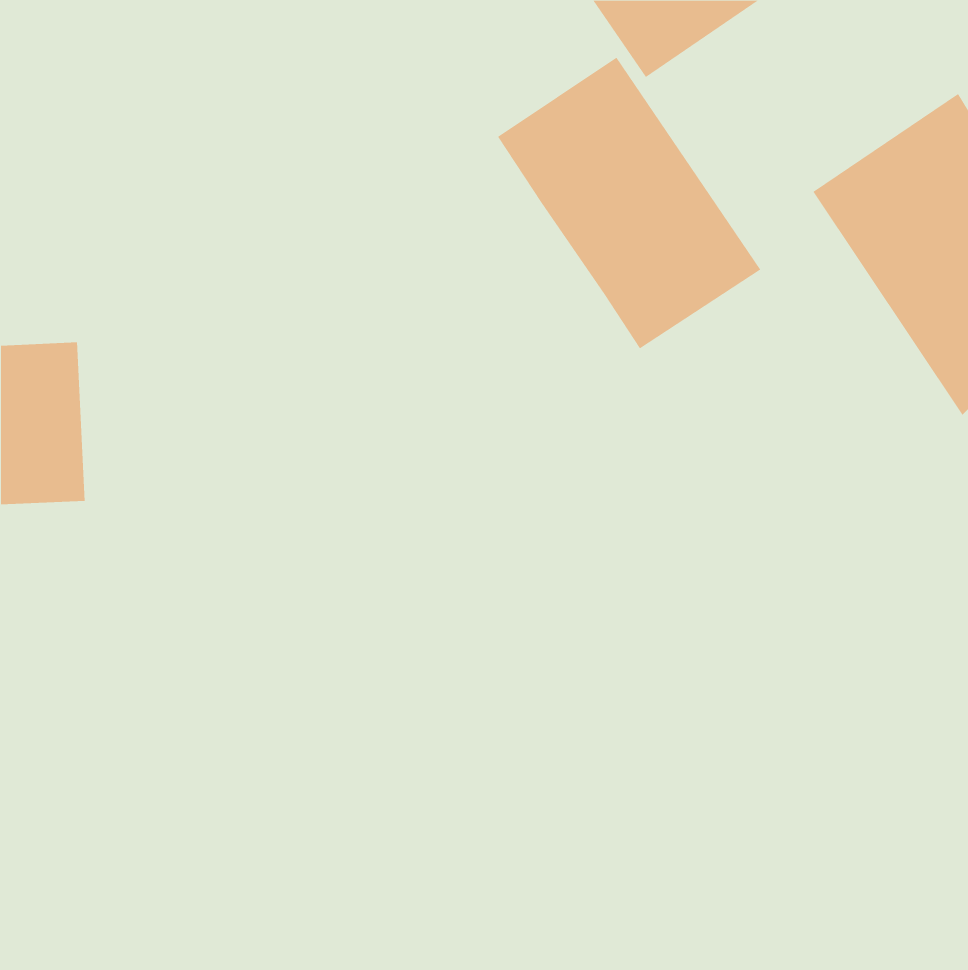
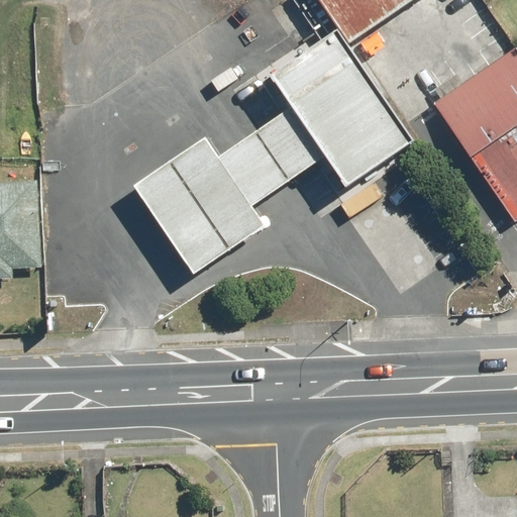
building: none -> [137,108,322,273]

